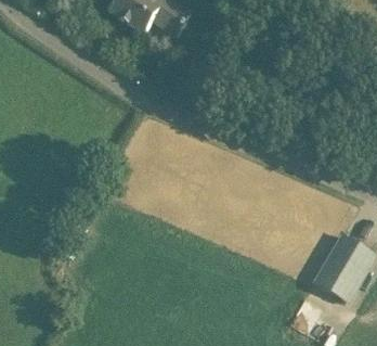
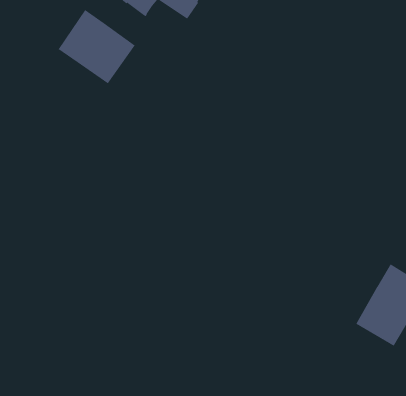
building: none -> [58,9,136,84]

